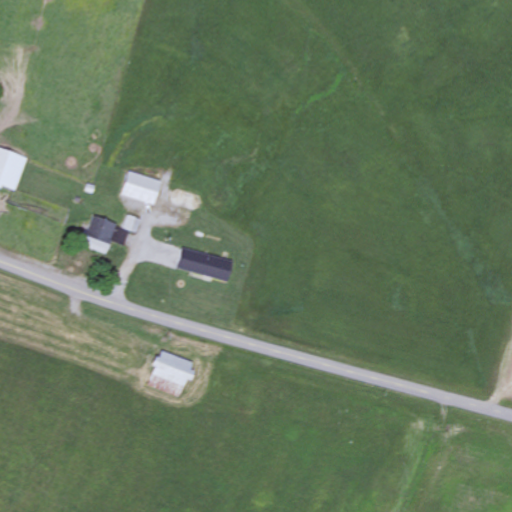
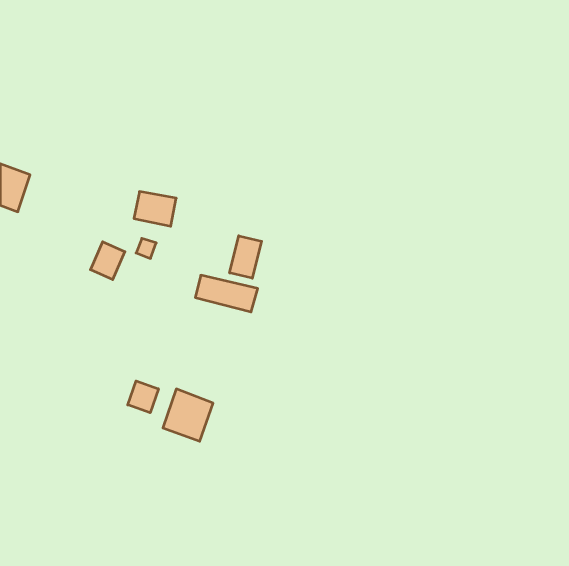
building: none -> [230,236,262,278]
building: none -> [128,381,158,413]

